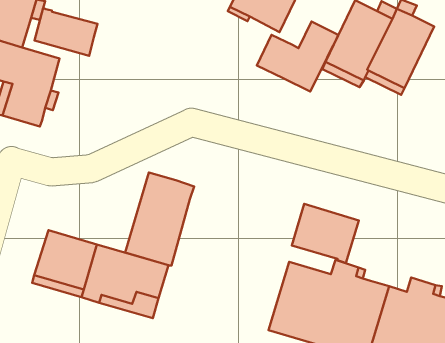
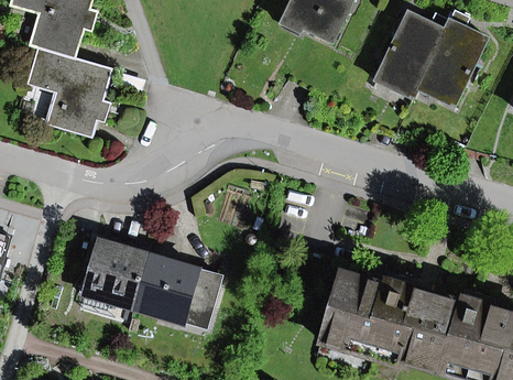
building: [34,8,97,56] -> none
building: [257,21,338,92] -> none
building: [125,173,194,266] -> none
building: [292,204,359,263] -> none

